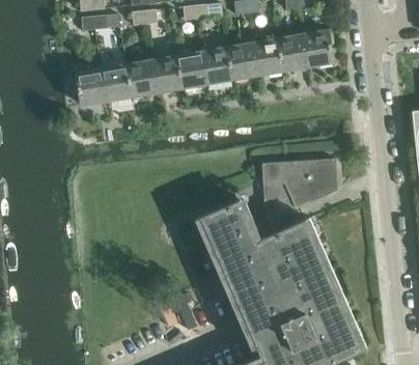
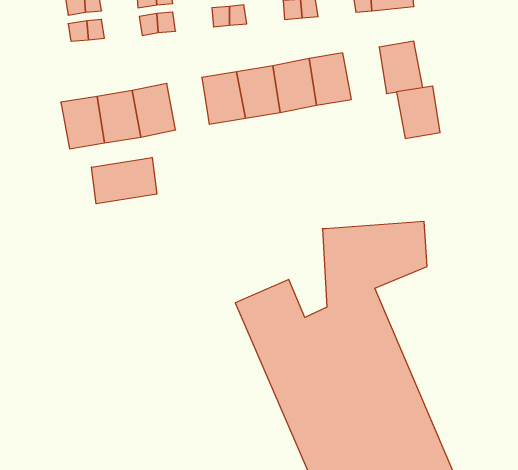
building: [277,34,308,72] -> [396,86,440,138]
building: [151,56,181,93] -> none
building: none -> [91,157,157,204]

